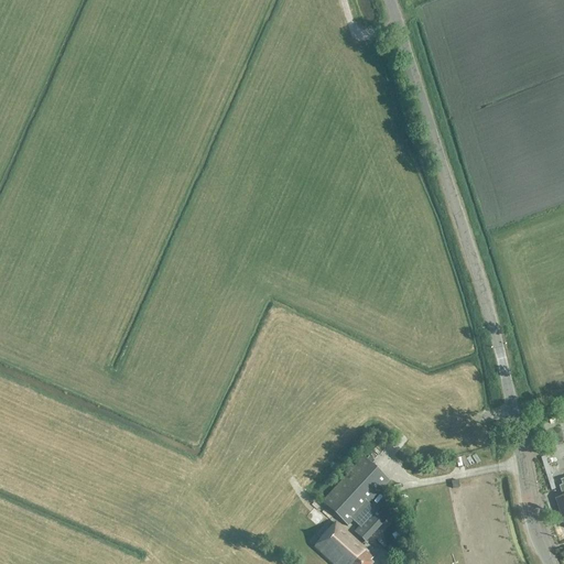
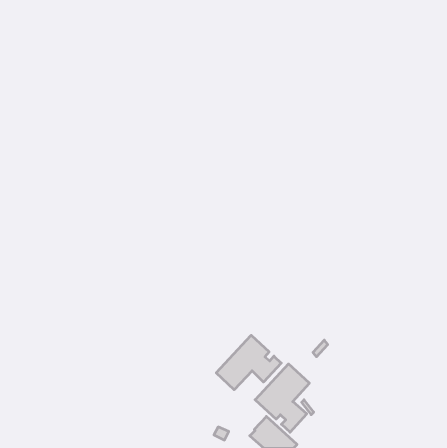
building: none -> [216,335,281,390]

